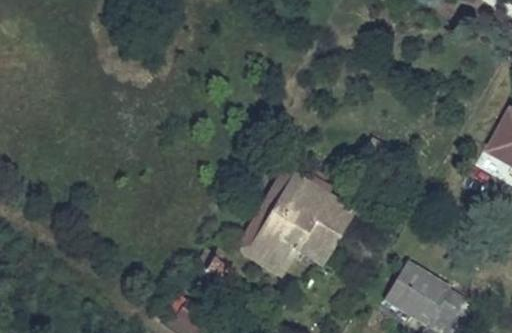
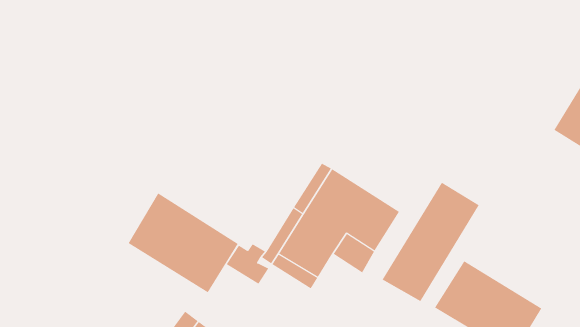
building: none -> [382,182,480,302]
building: none -> [128,193,239,293]

